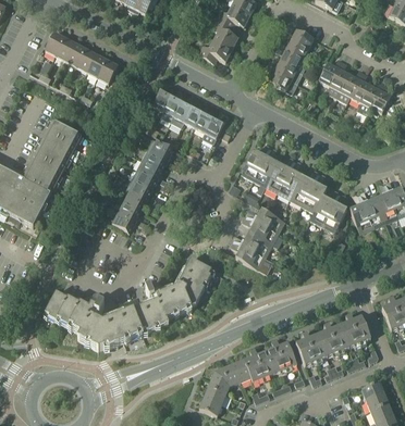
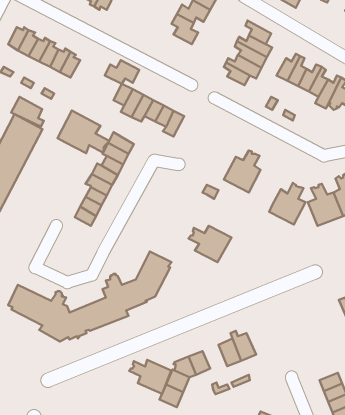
building: [197,38,232,62] -> [105,60,139,84]
building: none -> [11,97,44,127]
building: none -> [57,111,109,153]
building: [242,142,277,185] -> none
building: [290,168,326,211] -> none
building: [242,208,286,243] -> none
building: [295,315,371,365] -> none
building: [243,347,268,380] -> none
building: none -> [129,360,171,394]

